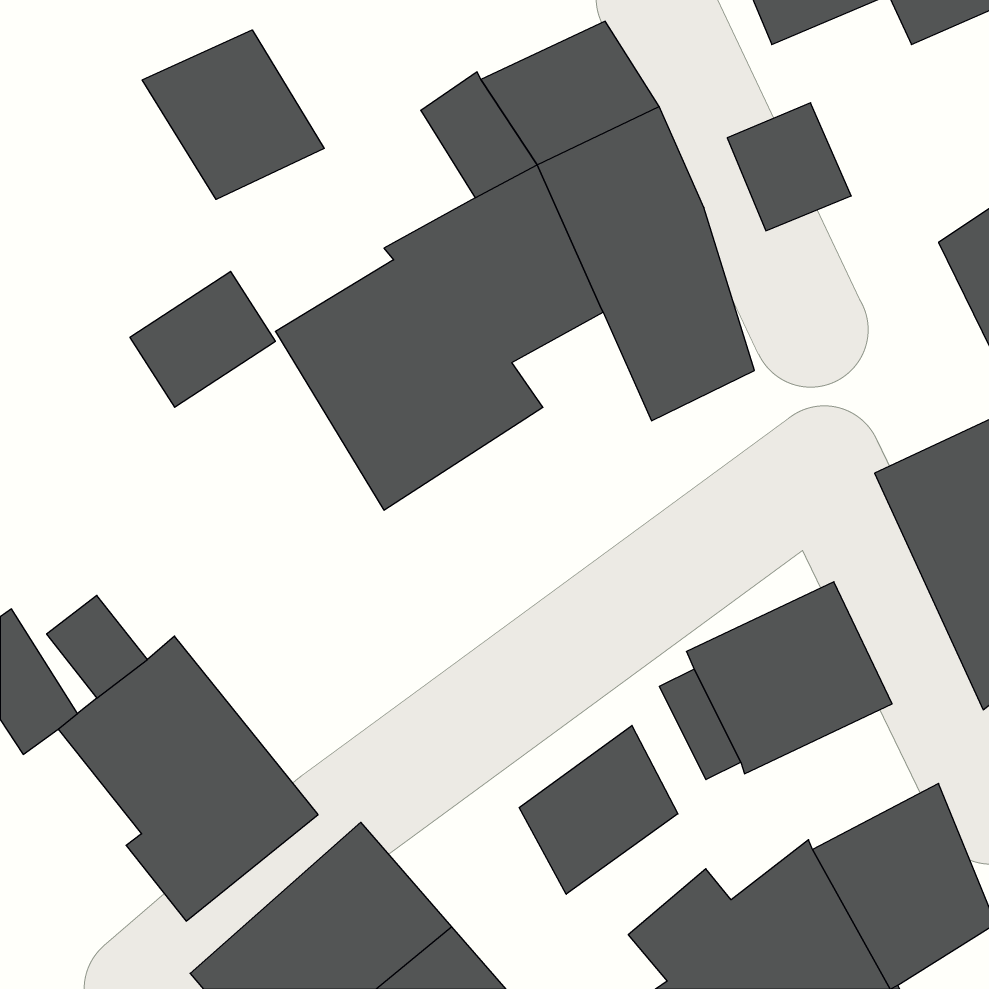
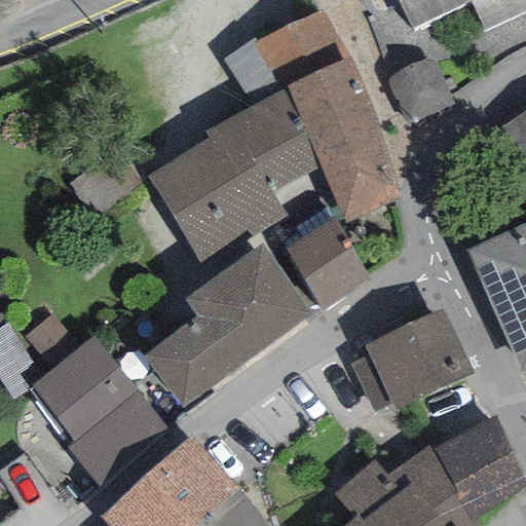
building: [142,30,324,199] -> none
building: none -> [287,218,369,311]
building: none -> [144,245,313,408]
building: [519,725,678,894] -> none

